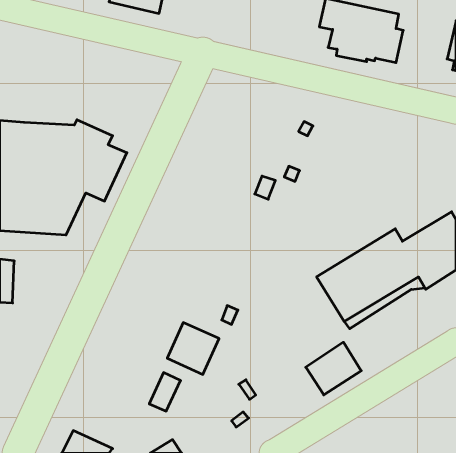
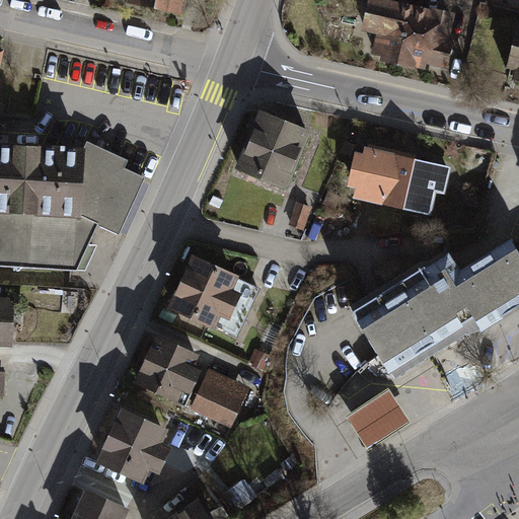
building: none -> [234,110,309,190]
building: none -> [346,147,450,216]
building: none -> [166,254,257,339]
building: none -> [133,333,206,404]
building: none -> [95,407,169,484]

